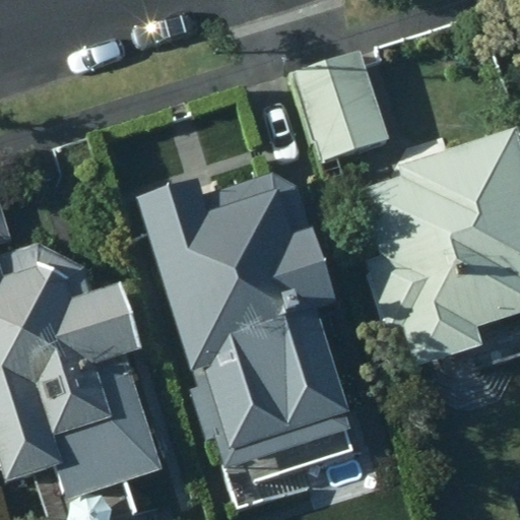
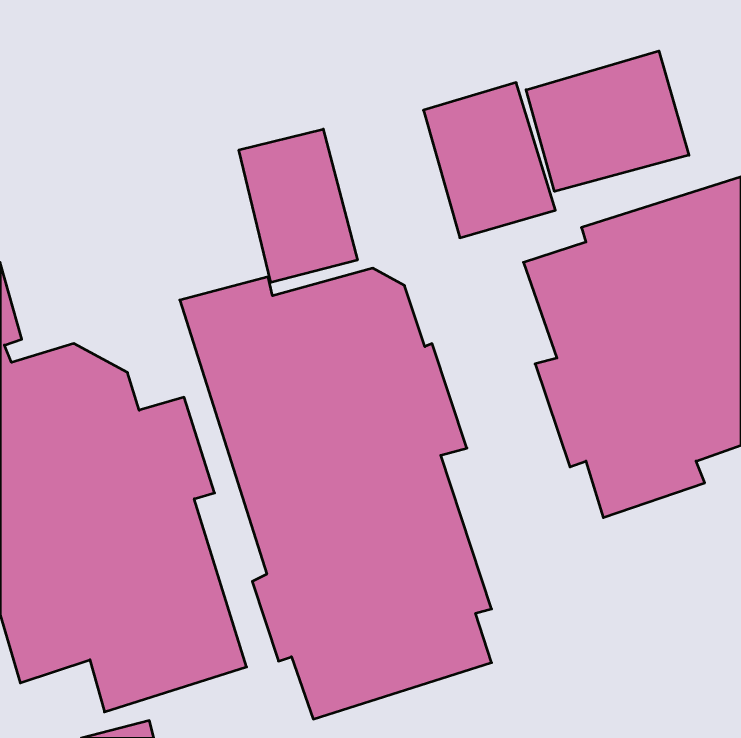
building: none -> [526,51,689,191]
building: none -> [239,129,357,282]

